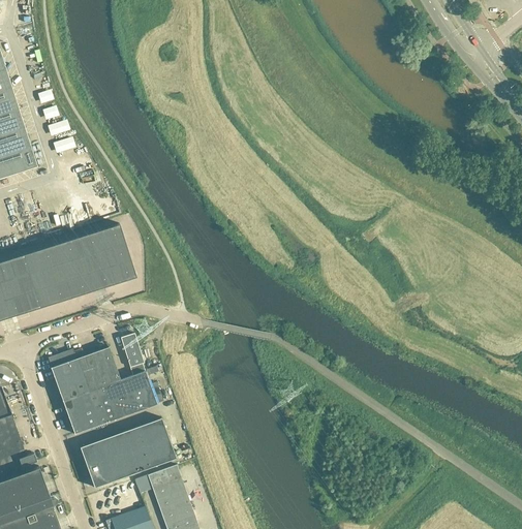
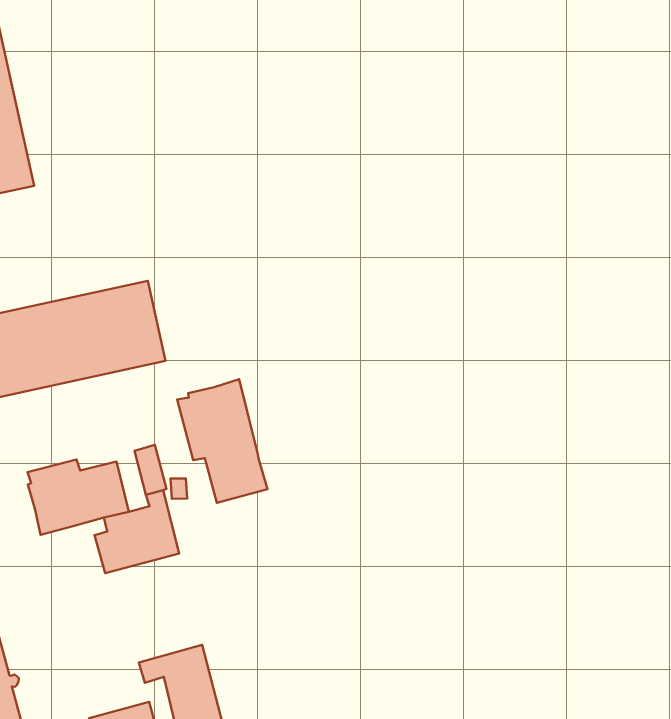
building: none -> [177,379,268,503]
building: [62,386,108,435] -> none
building: [80,418,176,489] -> none

